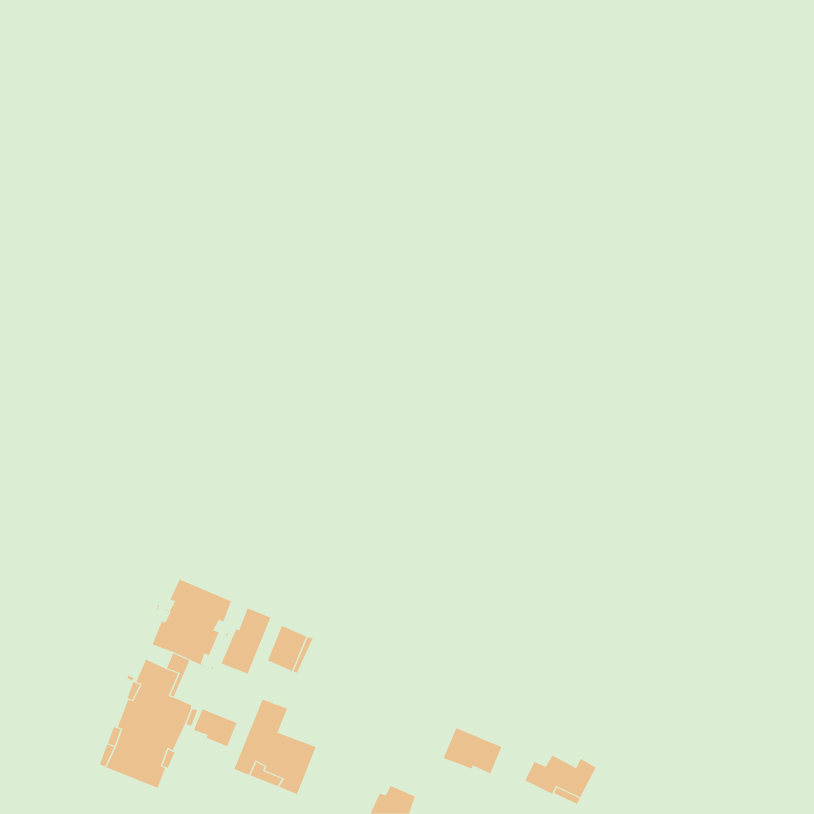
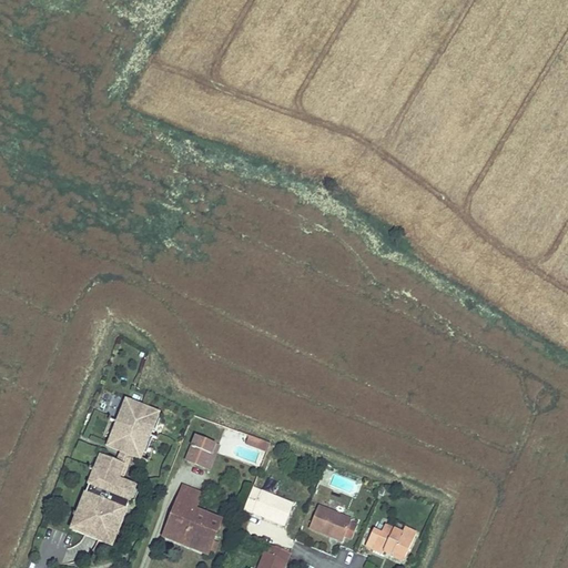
building: [221,607,271,675] -> none
building: none -> [243,485,292,521]
building: [193,708,237,747] -> none

